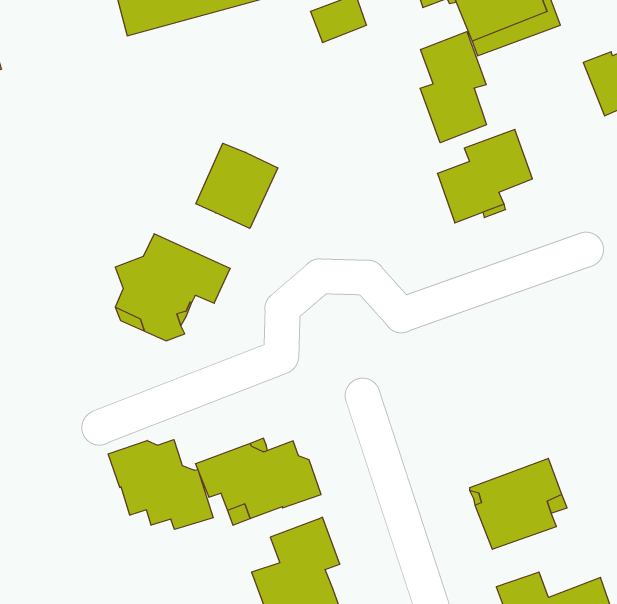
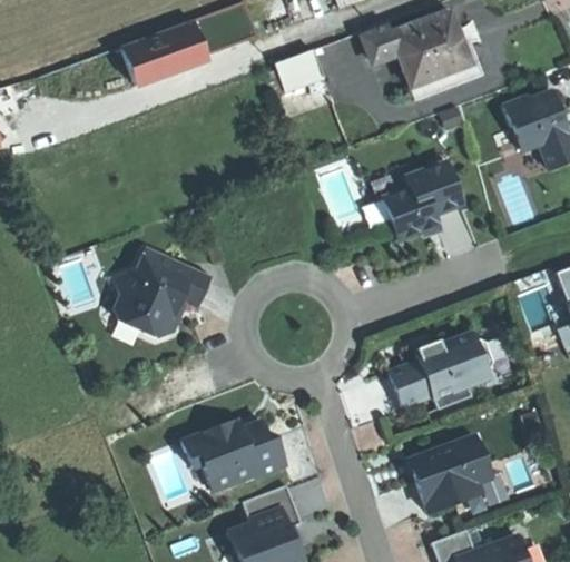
building: [420,32,487,143] -> none
building: [196,143,278,228] -> none
building: none -> [390,333,492,408]
building: [108,440,213,529] -> none

